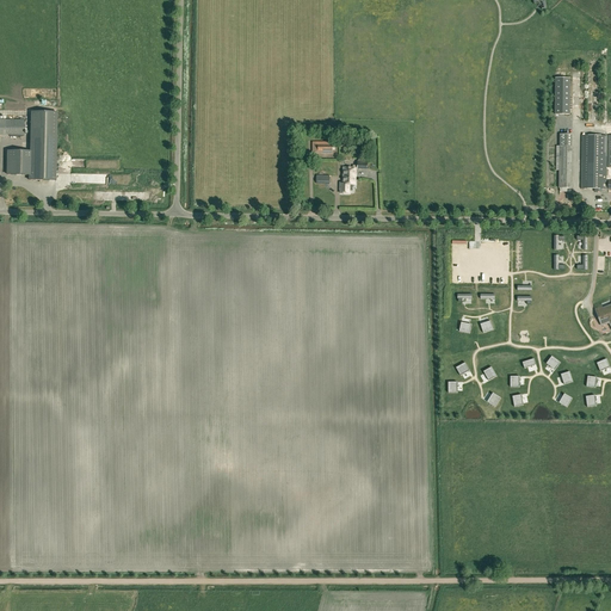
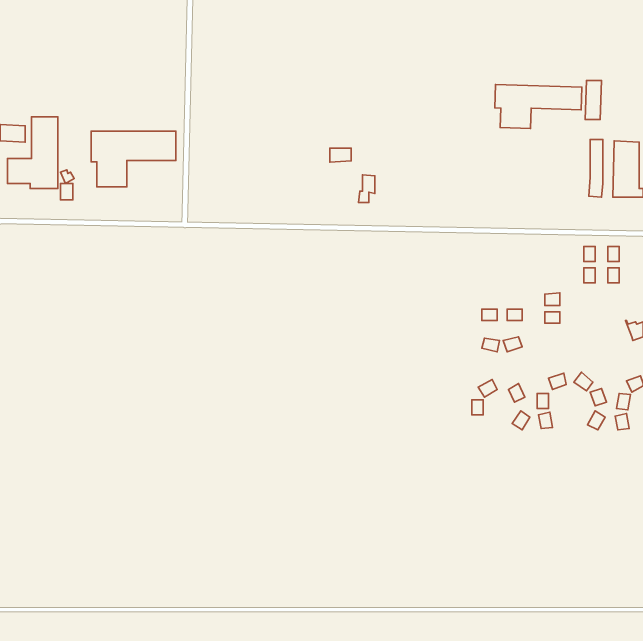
building: none -> [495,84,582,128]
building: none -> [91,131,176,187]

